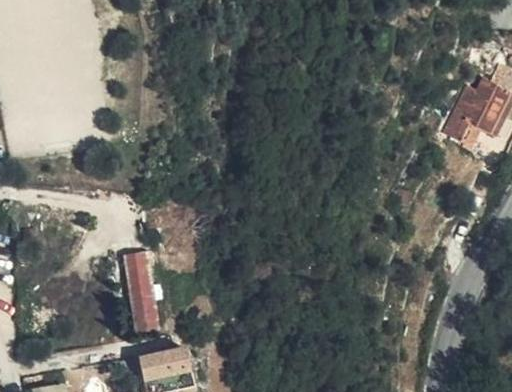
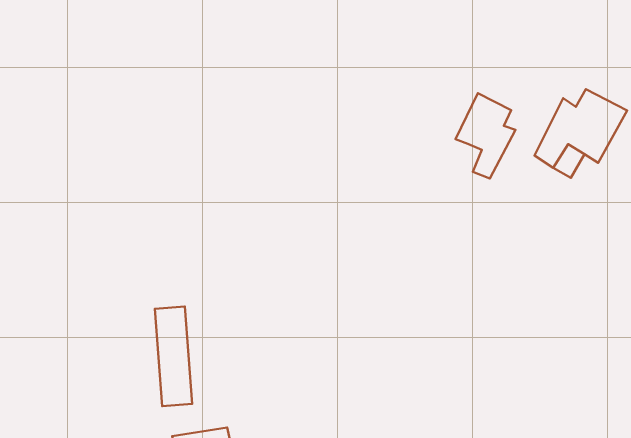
building: none -> [455,93,516,178]

